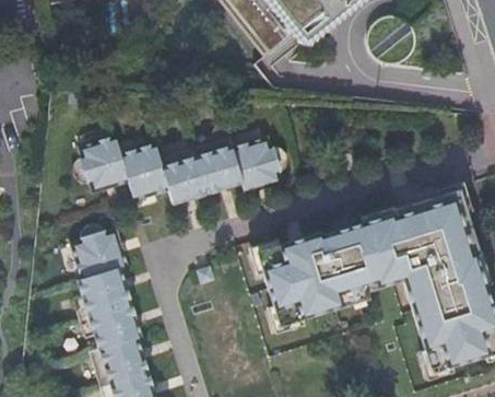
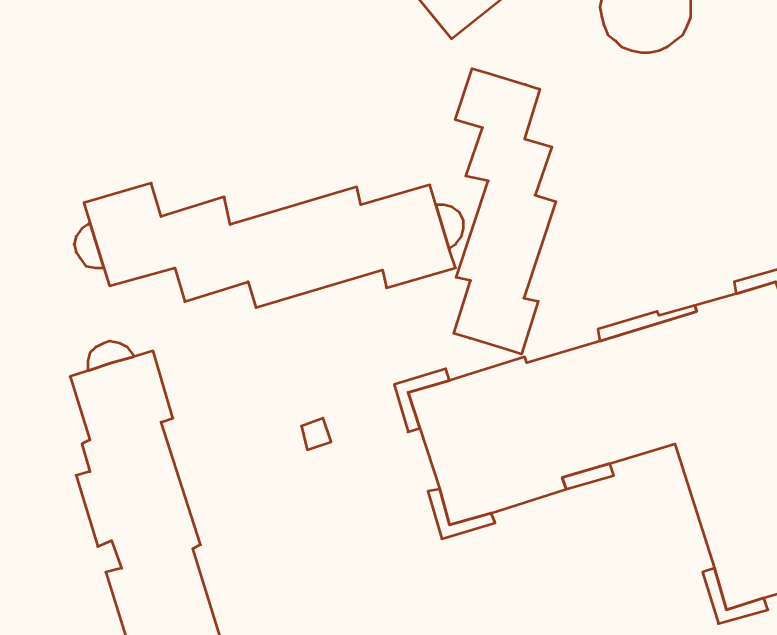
building: none -> [454,69,556,354]

